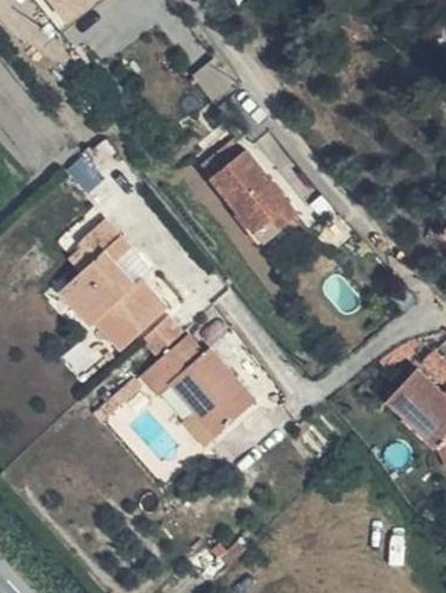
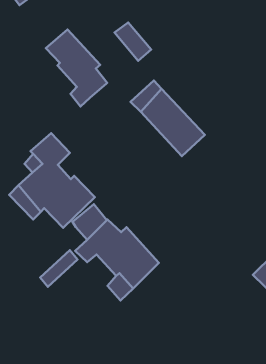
building: none -> [46,30,107,106]

